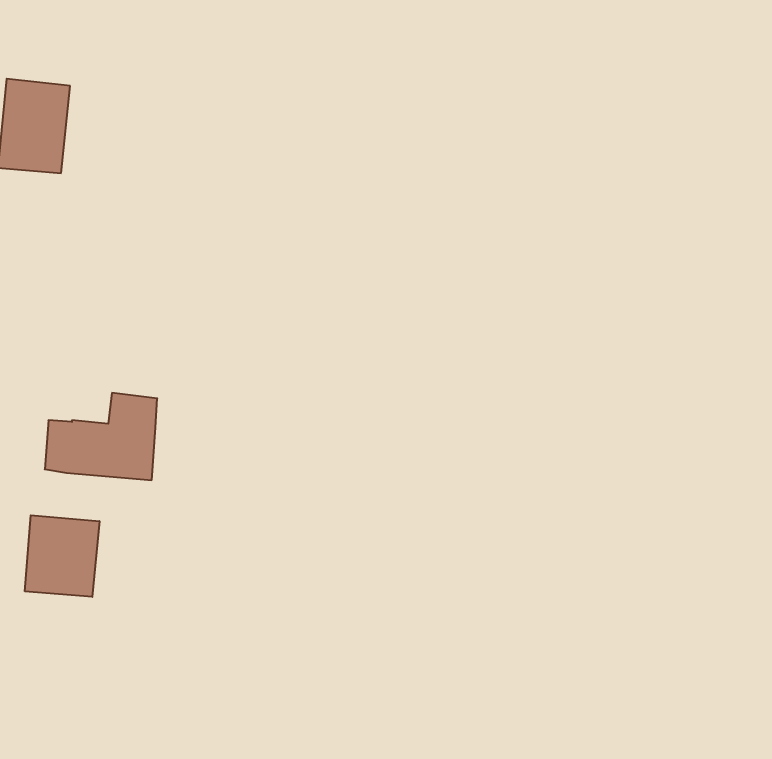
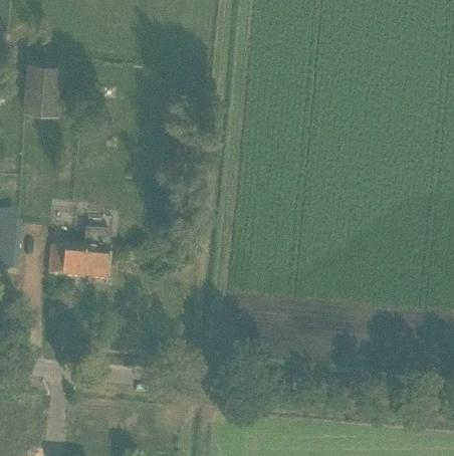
building: [25,515,99,597] -> none

